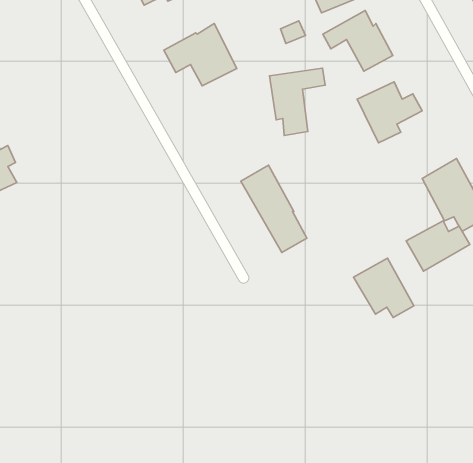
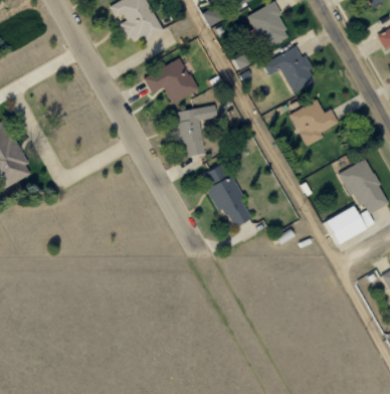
building: [270,68,325,136] -> [175,106,217,157]
building: [353,258,414,317] -> none

